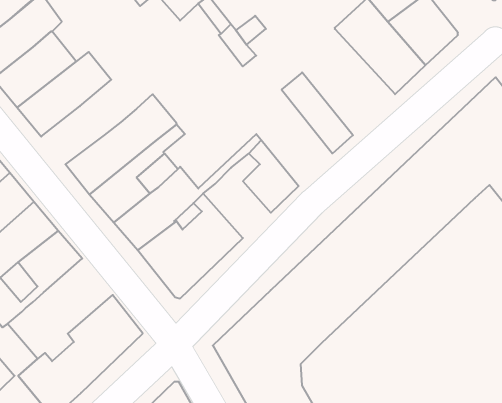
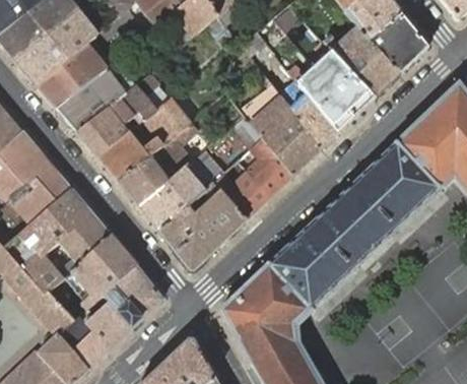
building: none -> [290,43,375,132]
building: none -> [77,74,157,156]
building: none -> [240,83,322,175]
building: none -> [213,171,270,218]
building: none -> [49,236,137,320]

